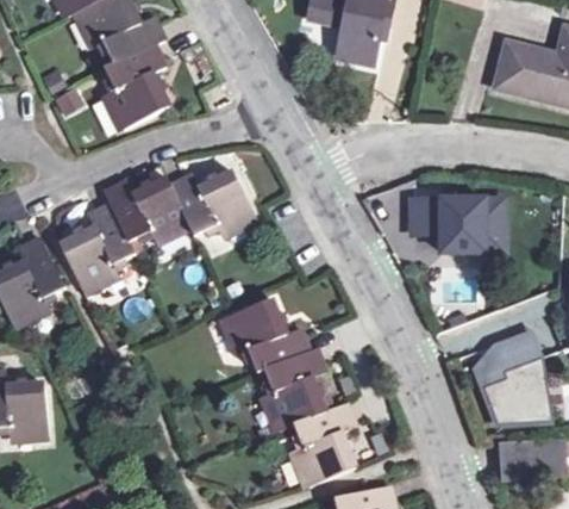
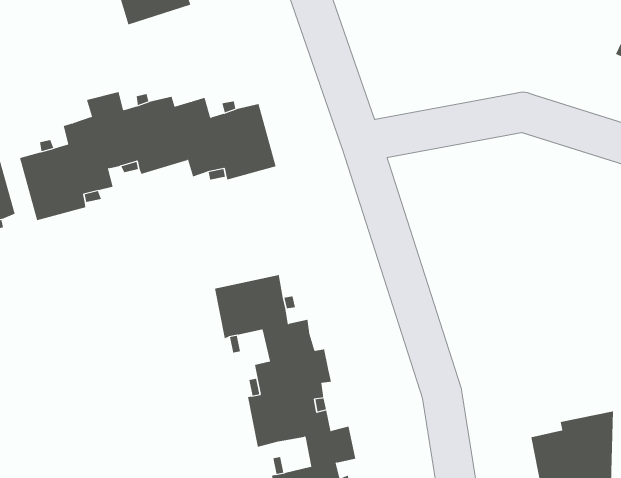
building: [411,199,504,253] -> none
building: [474,329,542,387] -> none

